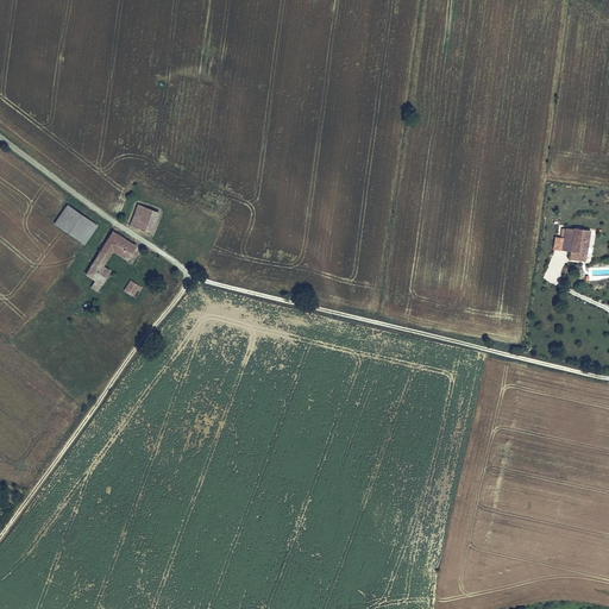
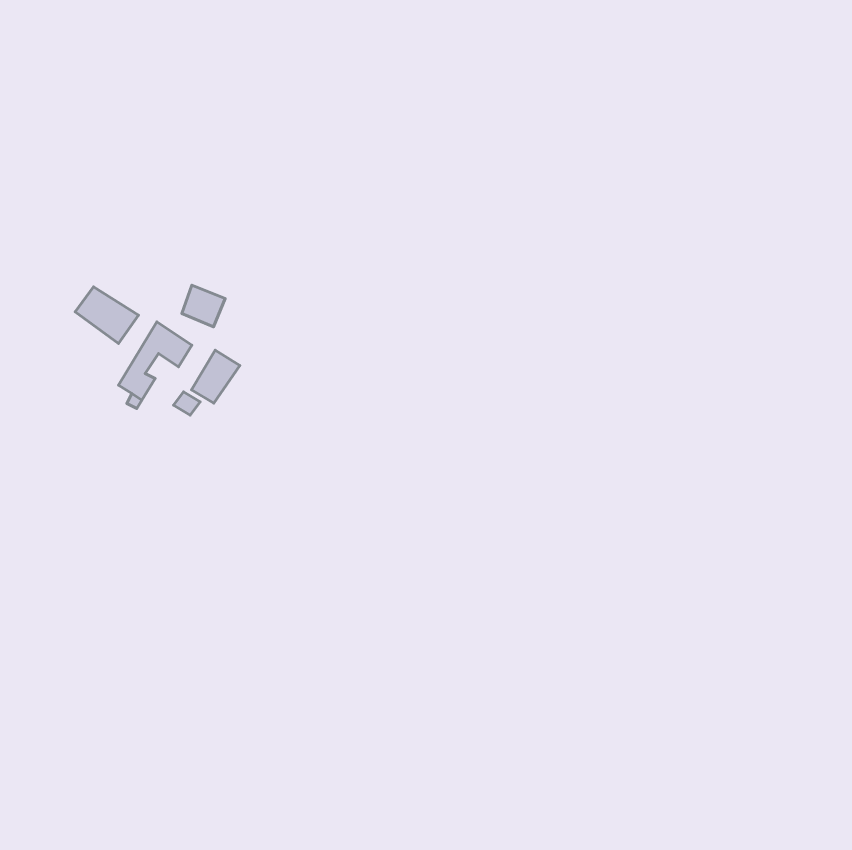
building: [553,224,591,262] -> none
building: none -> [191,350,240,403]

